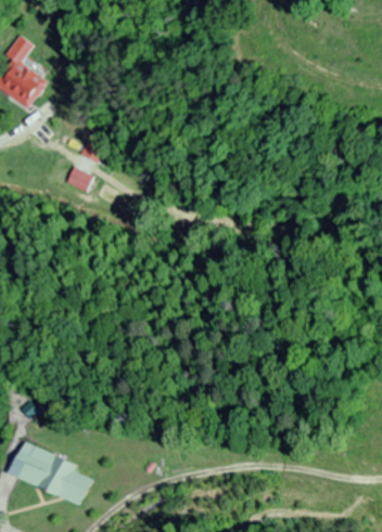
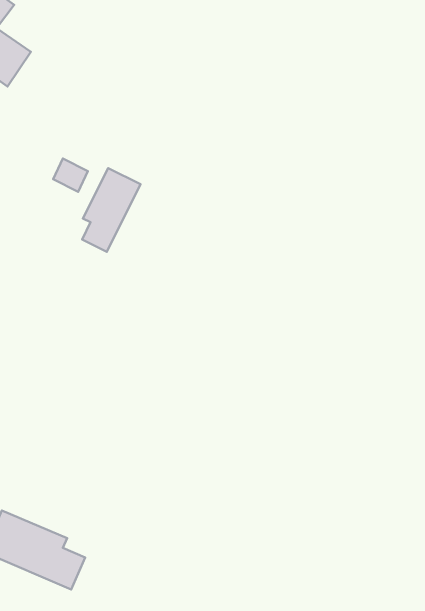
building: none -> [82,168,141,252]

